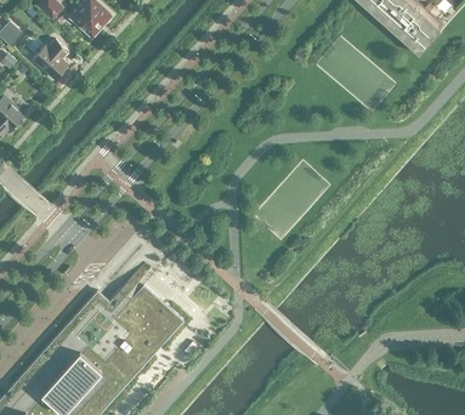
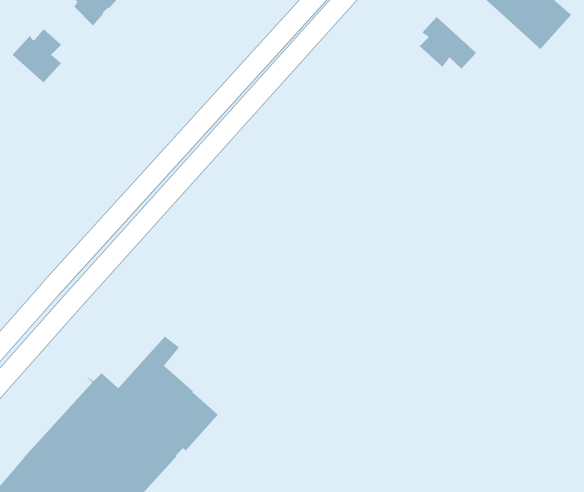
building: none -> [419,16,477,70]

